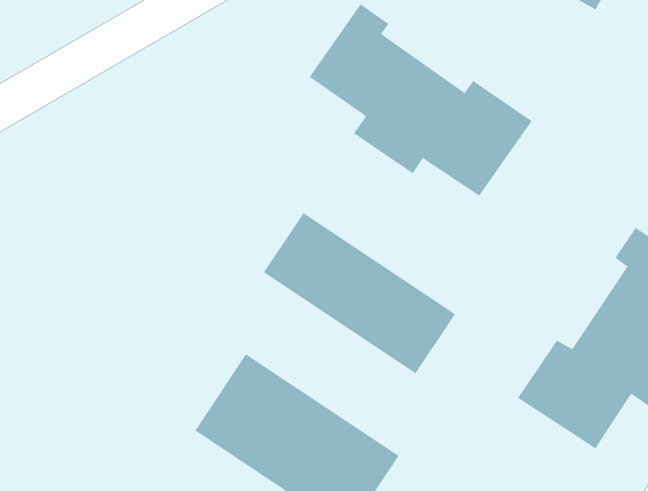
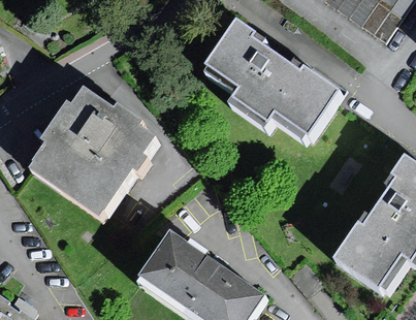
building: none -> [32,93,157,223]
building: [263,212,456,374] -> none

